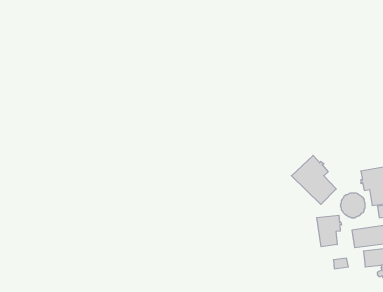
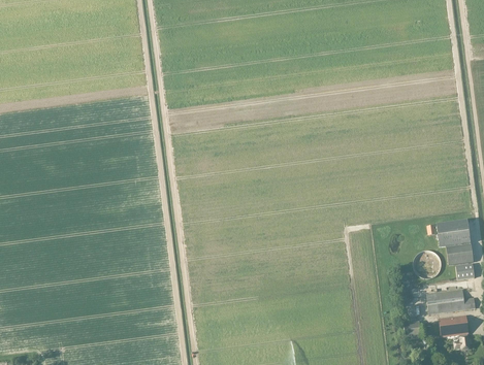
building: [291,155,336,204] -> none
building: [317,215,342,247] -> none

